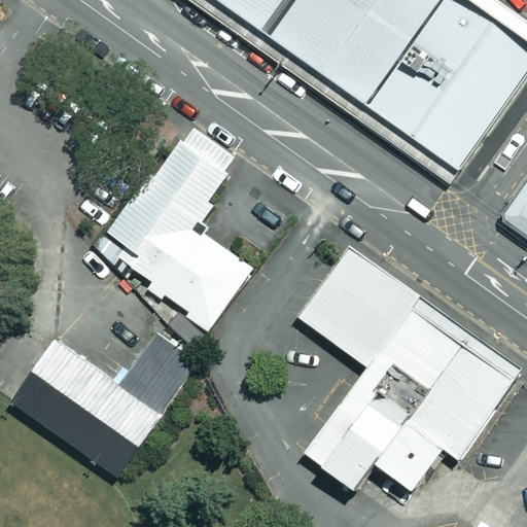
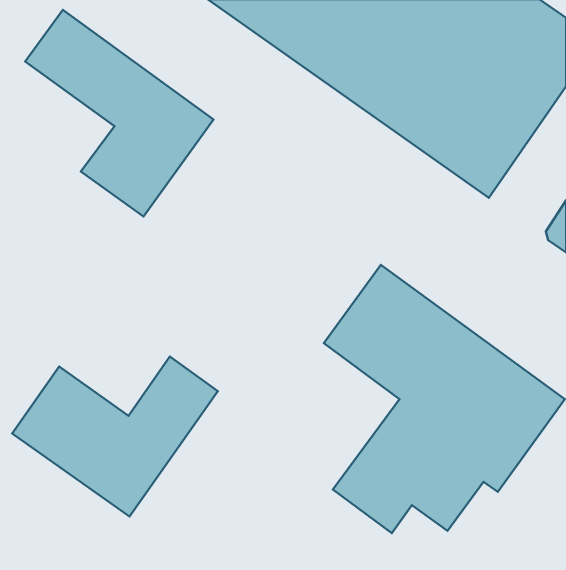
building: none -> [25,10,214,216]
building: [96,138,251,332] -> none

